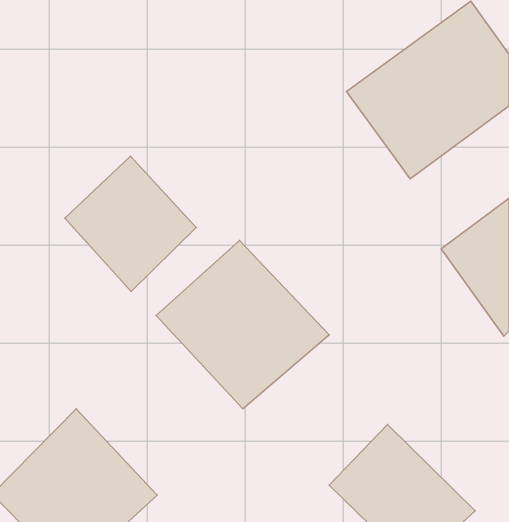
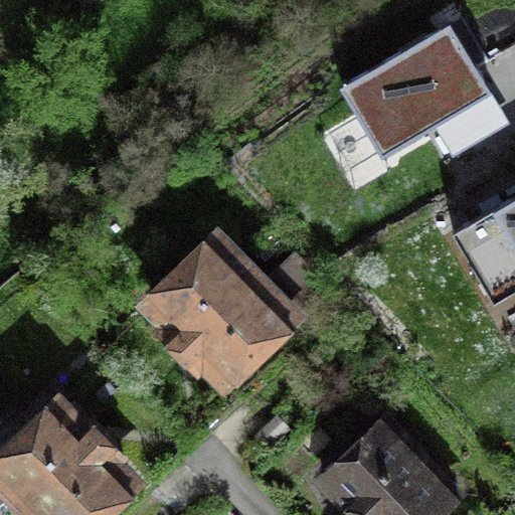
building: [65,156,196,292] -> none

